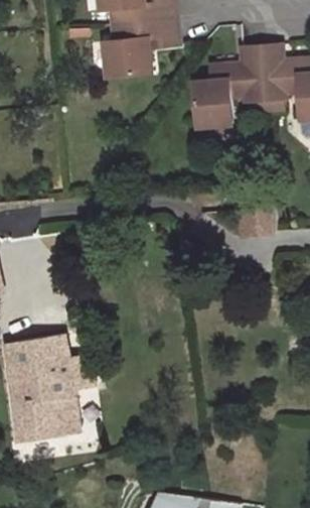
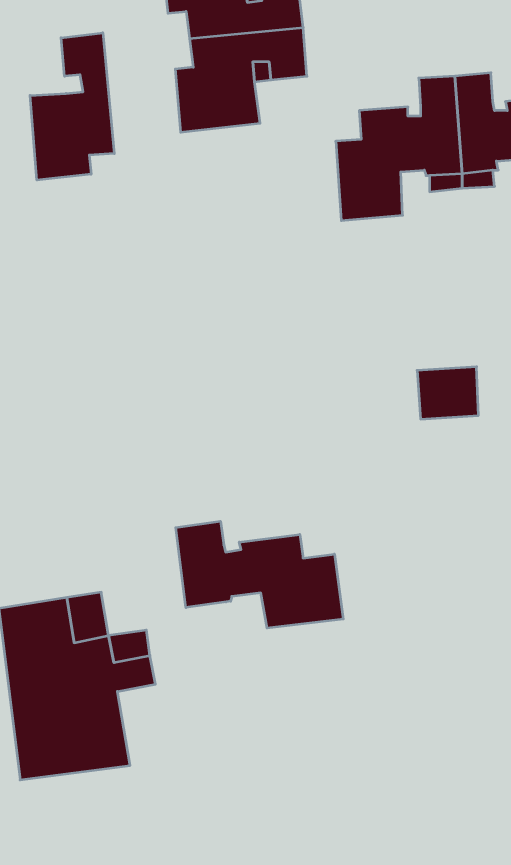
building: none -> [30,33,114,180]
building: none -> [176,521,343,628]

